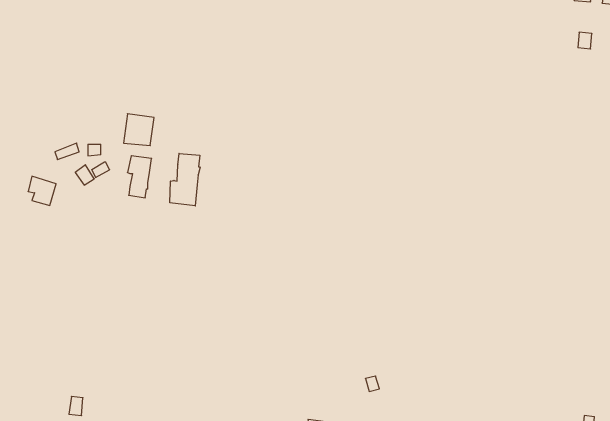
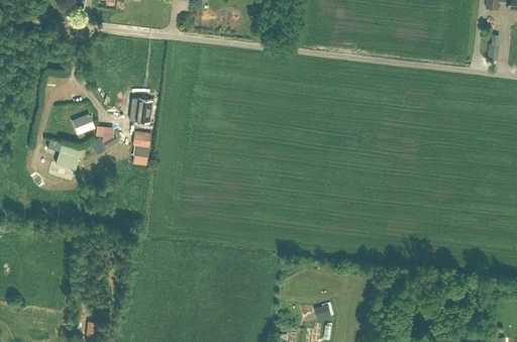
building: [170,153,200,206] -> none

